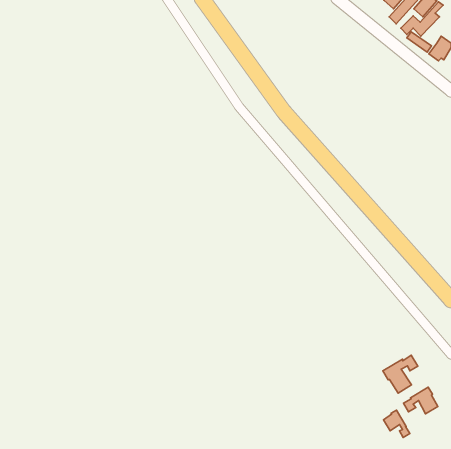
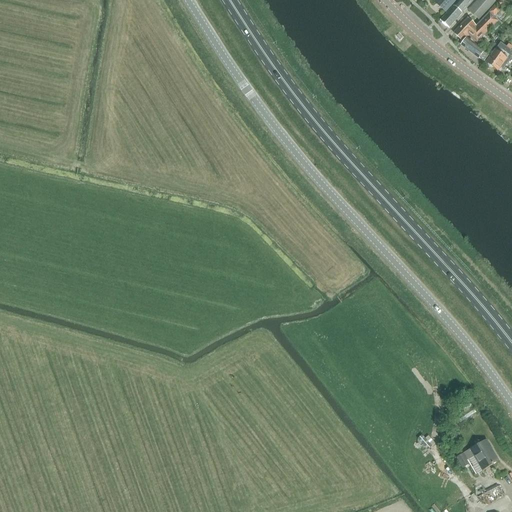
building: [383,355,418,393] -> none
building: [383,410,410,438] -> none

